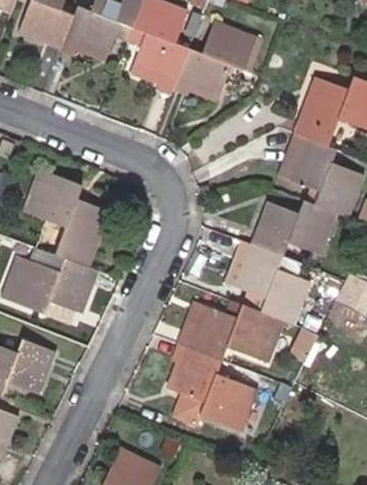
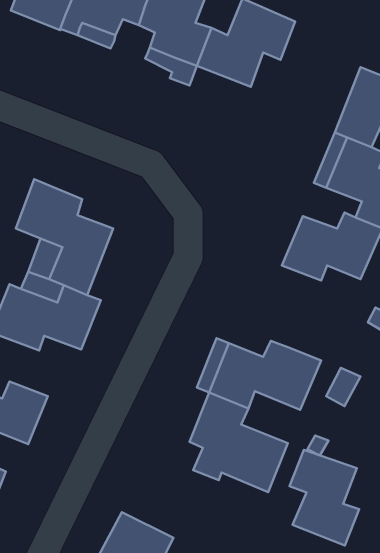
building: [233,243,307,325] -> none
building: none -> [289,450,359,546]

